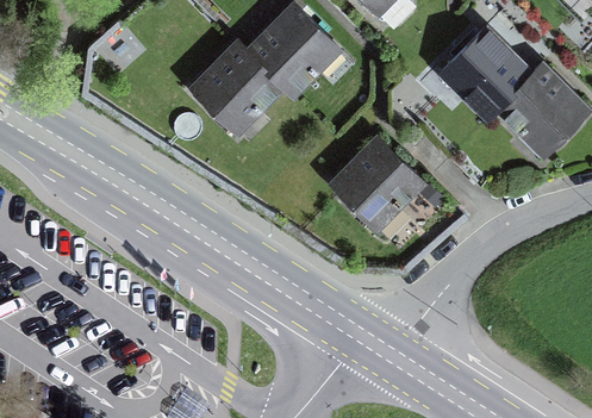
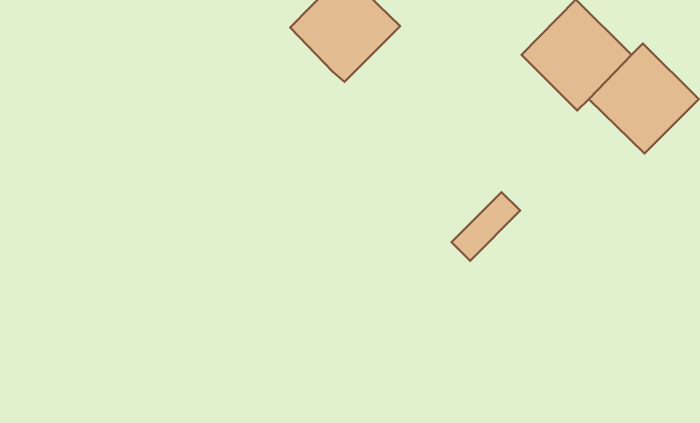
building: [191,39,282,131] -> none
building: [330,136,422,227] -> none

